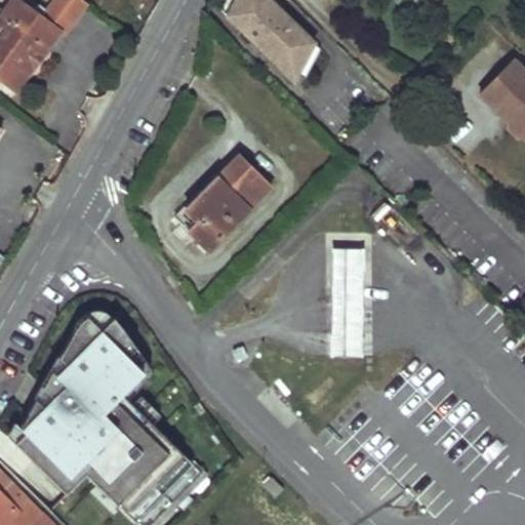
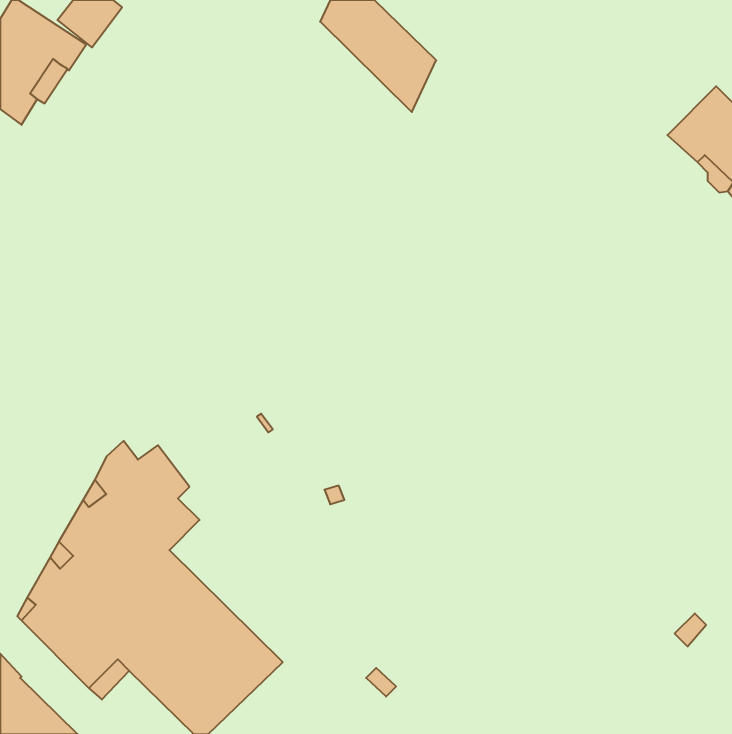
building: [174,155,272,250] -> none
building: [332,246,360,355] -> none

